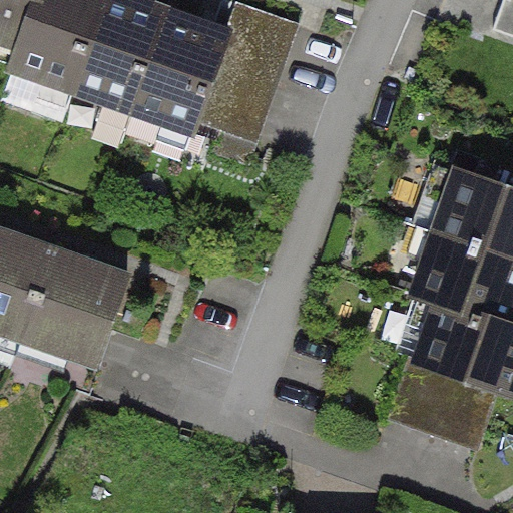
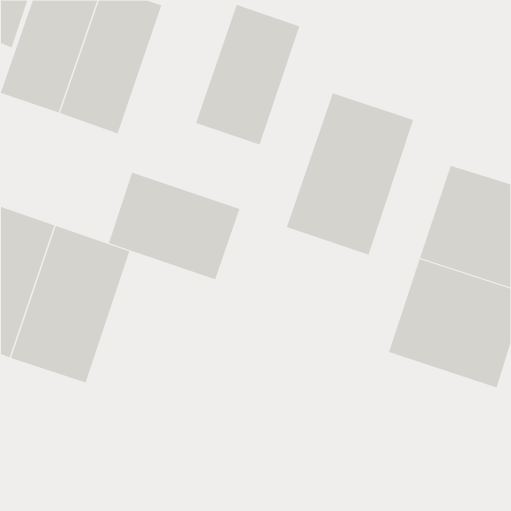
building: [118,5,221,154] -> none
building: none -> [286,92,414,256]
building: none -> [108,172,240,280]

